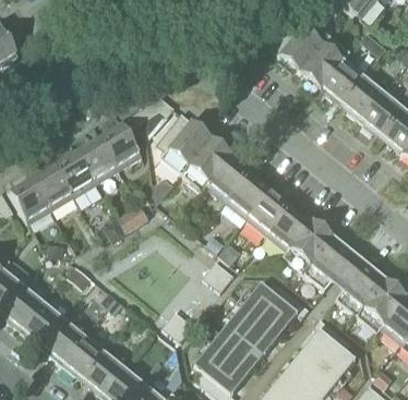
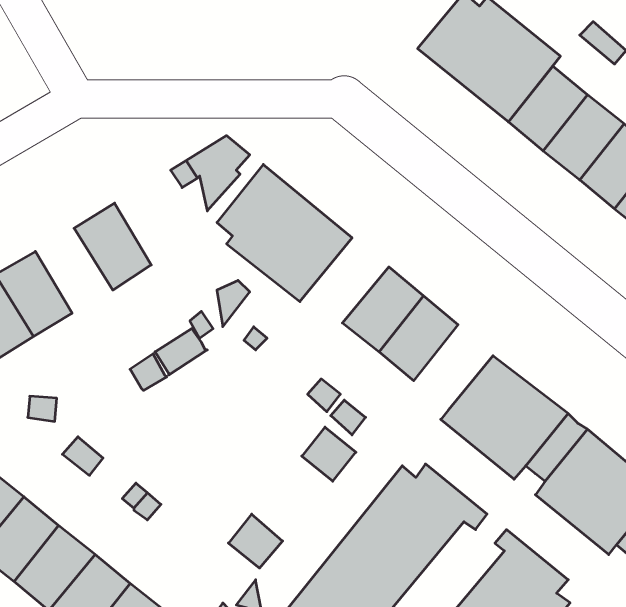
building: [98,122,142,170] -> none
building: [53,149,97,197] -> none
building: [203,155,253,203] -> none
building: [267,204,312,252] -> none

